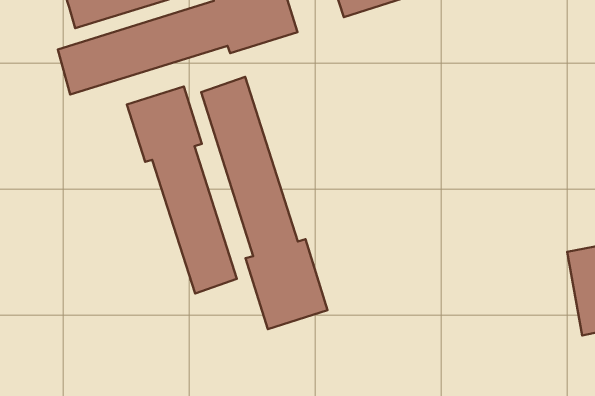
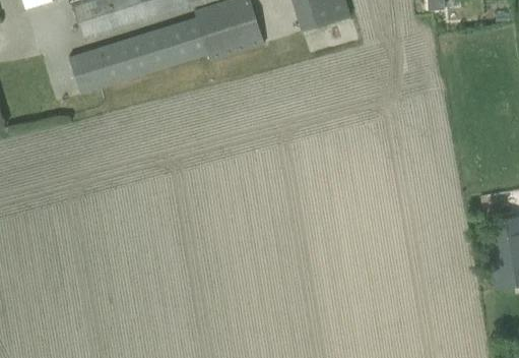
building: [201,77,328,329] -> none
building: [127,87,237,293] -> none

